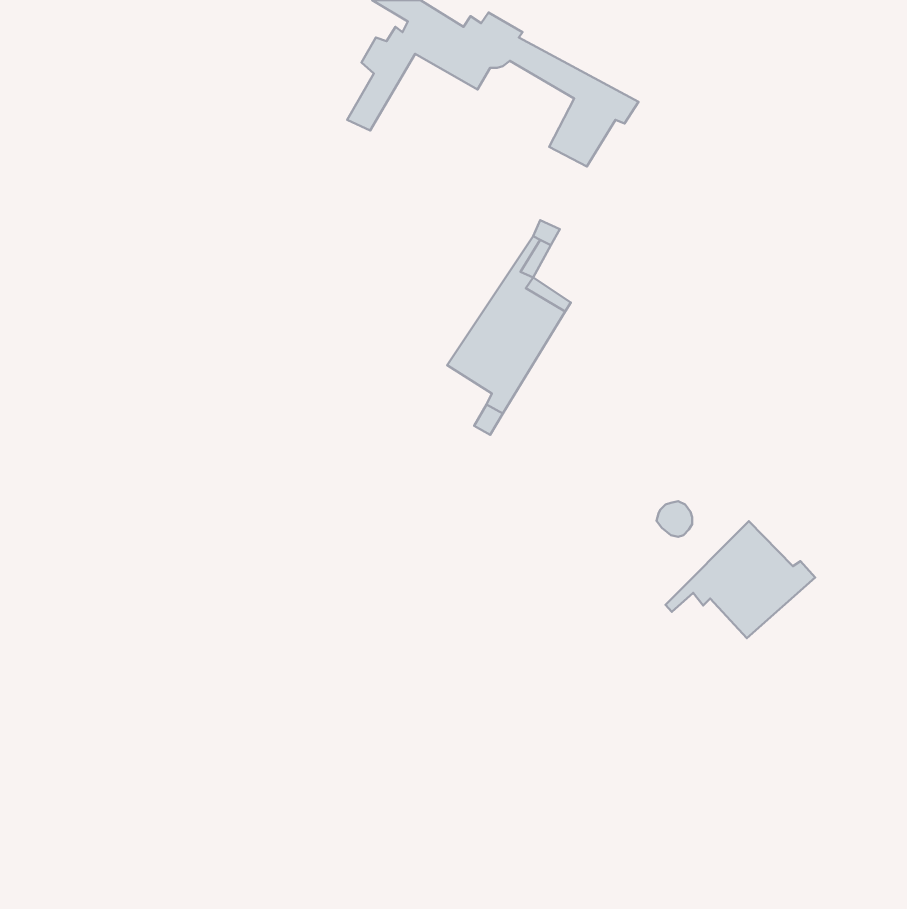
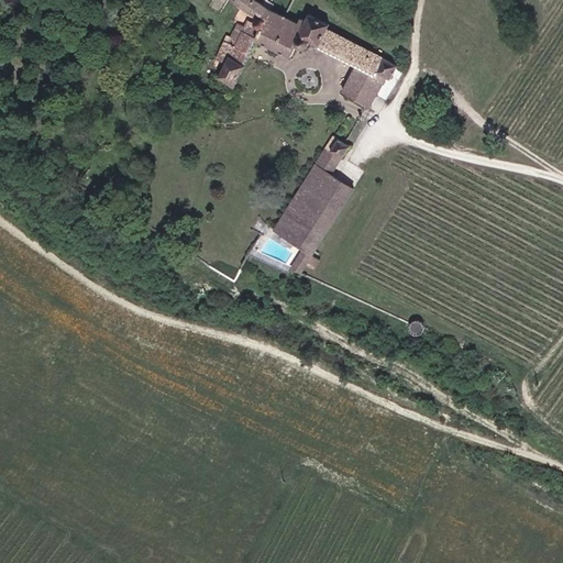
building: [666,521,815,638] -> none

